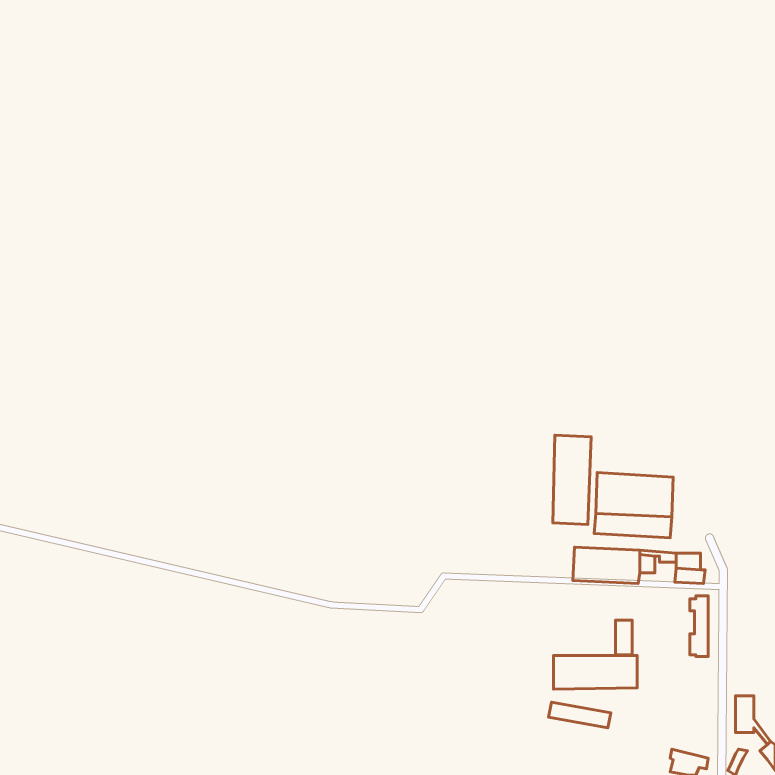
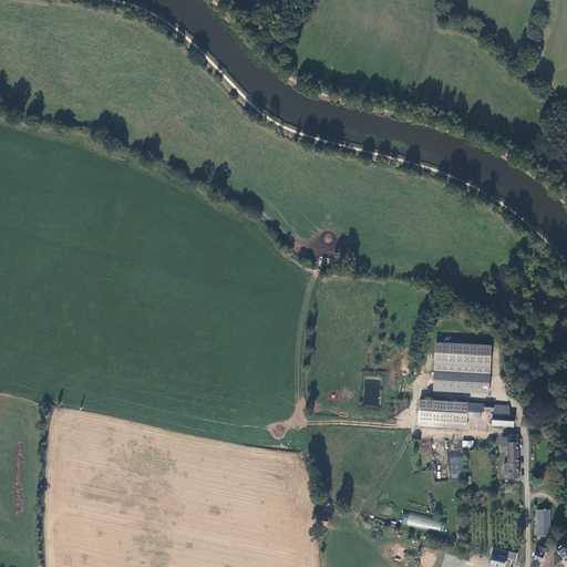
building: [553,435,591,524] -> none
building: [553,656,637,689] -> none

